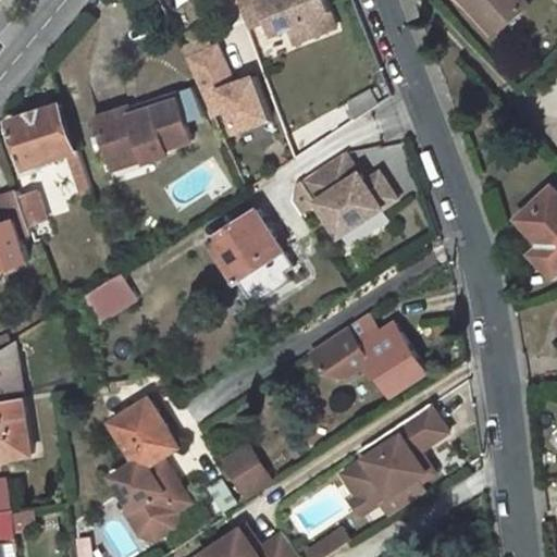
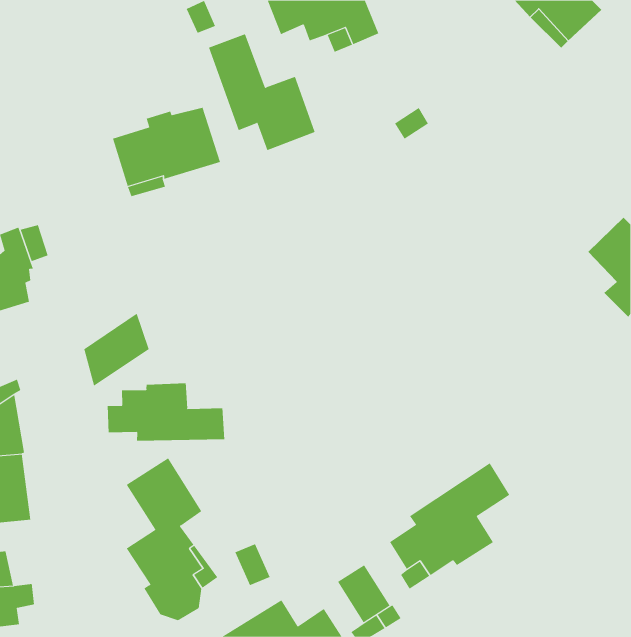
building: [8,108,92,199] -> none
building: [287,147,403,238] -> none
building: [210,207,293,302] -> none
building: [310,314,423,397] -> none
building: none -> [107,383,225,442]
building: [224,445,271,496] -> [337,564,391,623]

